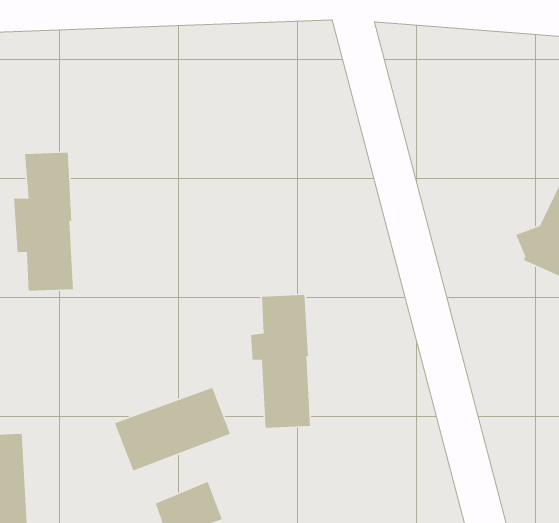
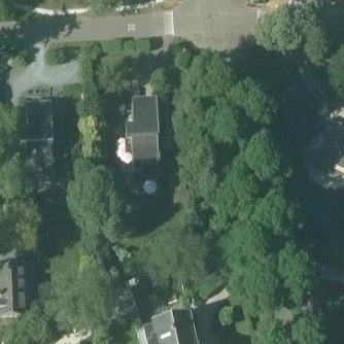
building: [250,294,311,428] -> [126,99,160,174]
building: [114,387,231,471] -> none

